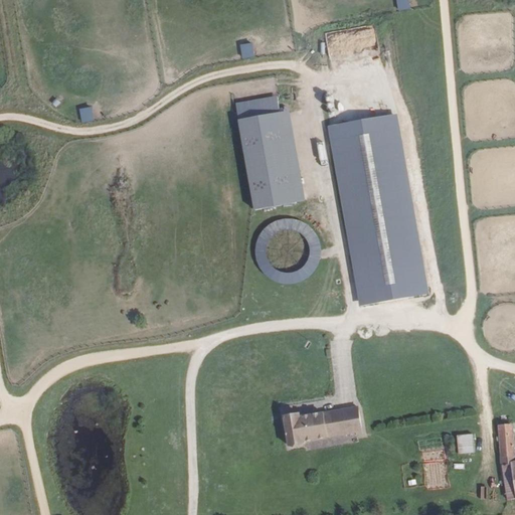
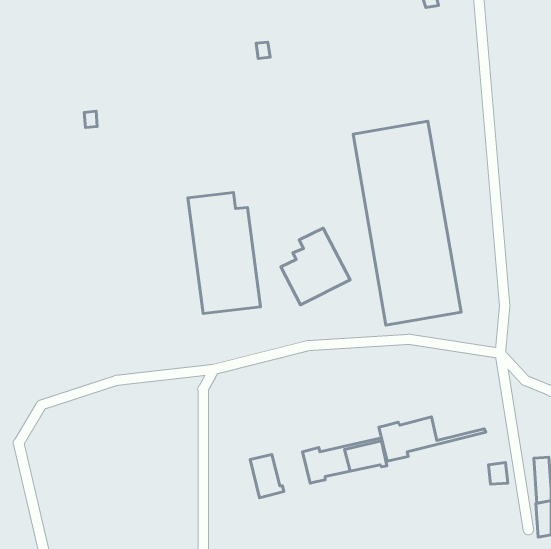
building: [233,94,301,206] -> [188,192,260,313]
building: none -> [379,417,486,461]
building: none -> [250,455,284,498]

